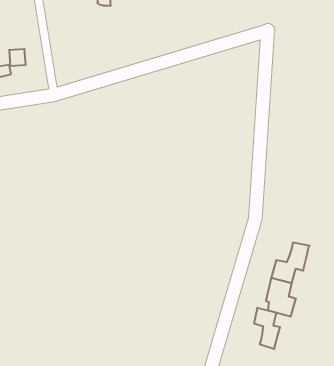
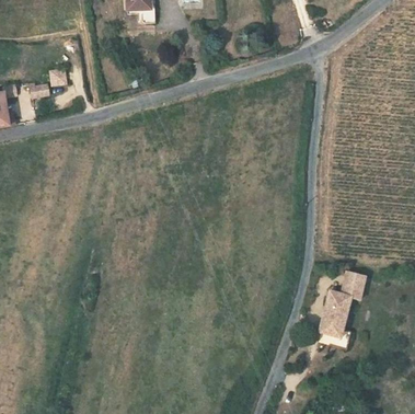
building: [254,308,280,349] -> none

